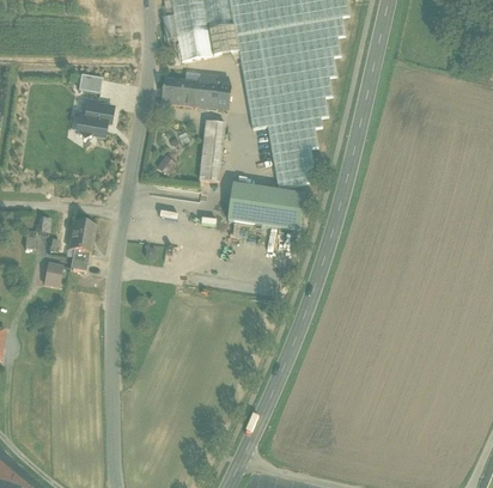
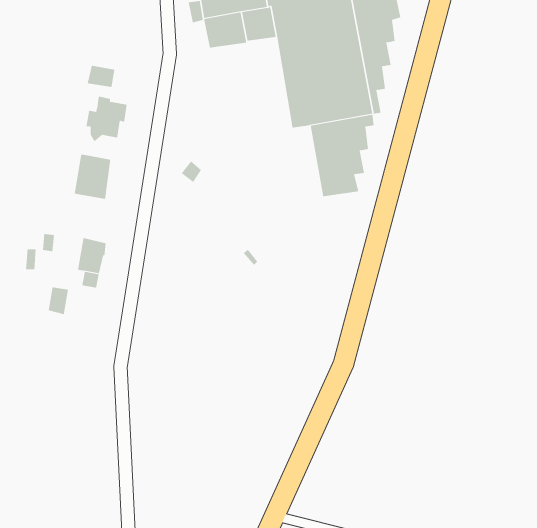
building: [162,71,230,108] -> none
building: [199,120,225,181] -> none
building: none -> [74,154,111,199]
building: [227,183,304,228] -> none

